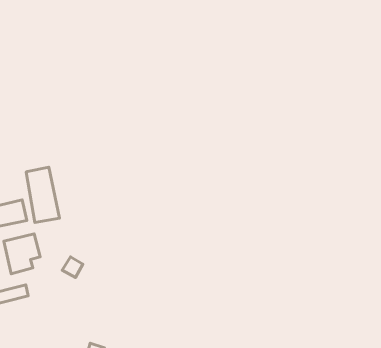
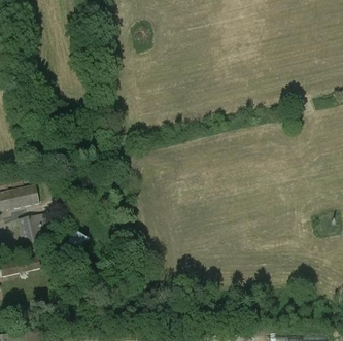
building: [26,167,59,222] -> none

